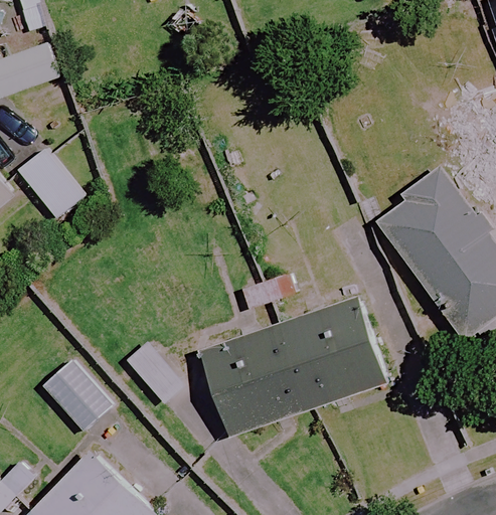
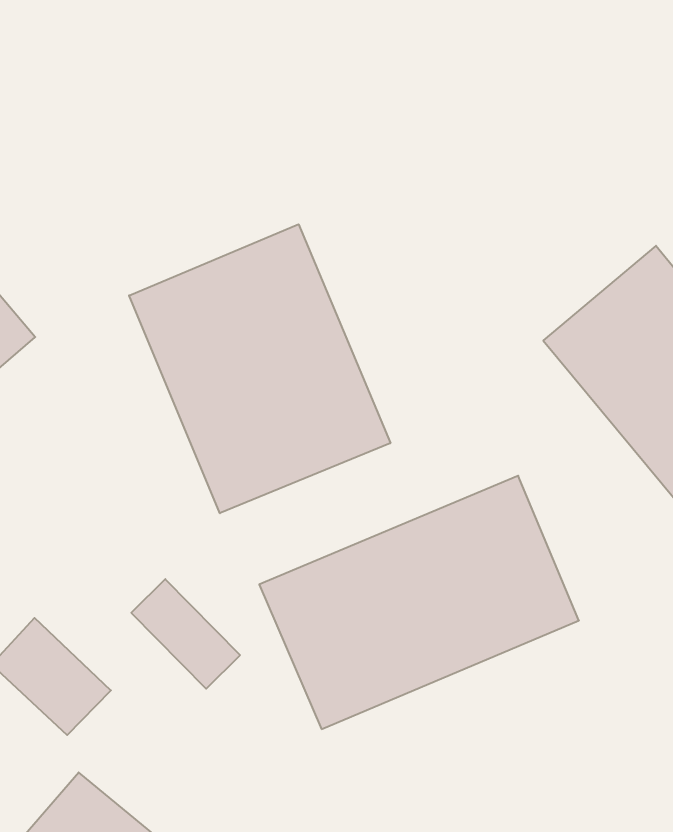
building: none -> [129,224,390,513]

